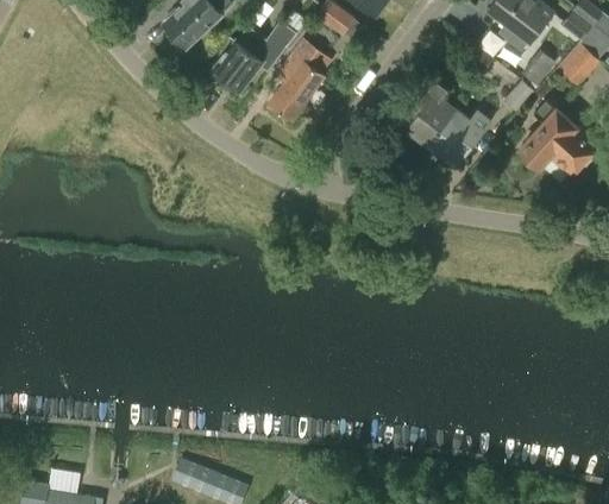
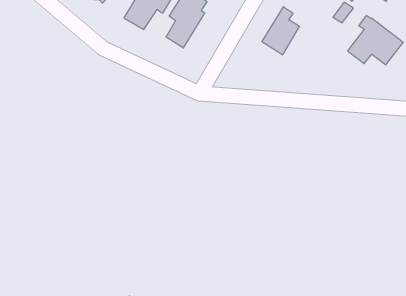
building: [428,109,490,168] -> none

